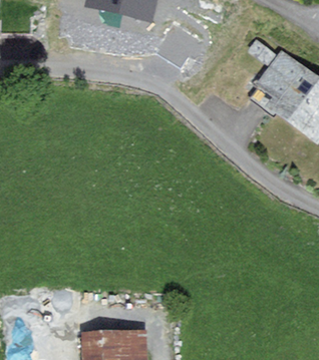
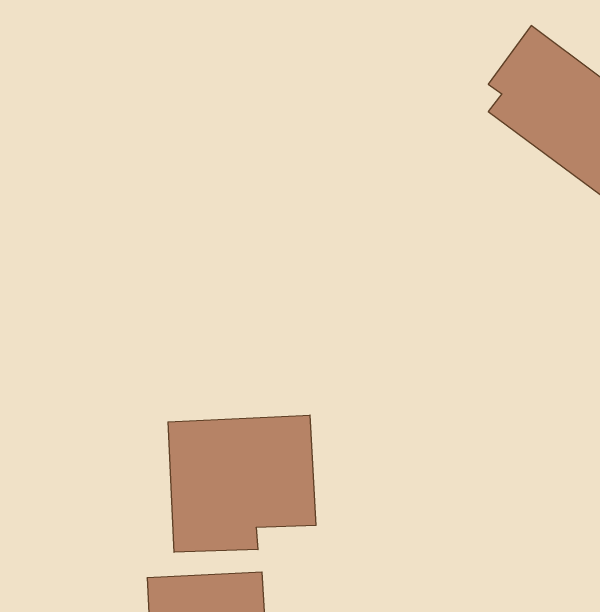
building: none -> [168,415,316,552]

